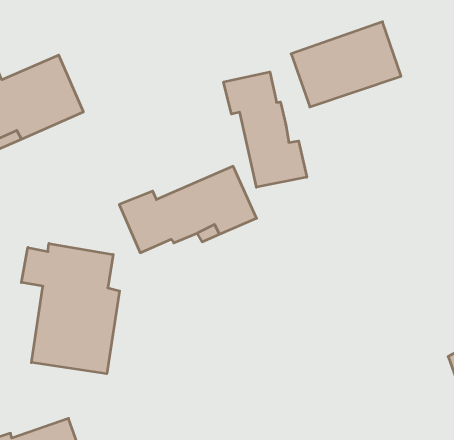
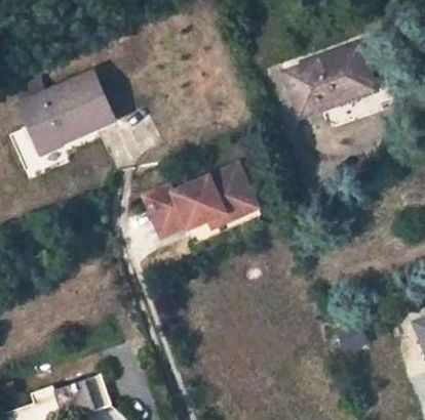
building: [224,72,307,187] -> none
building: [21,243,120,374] -> none

